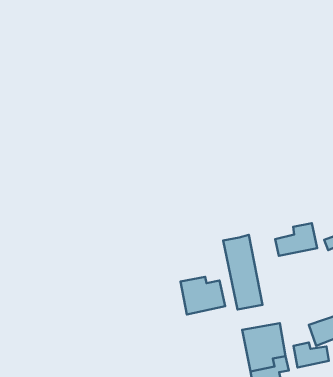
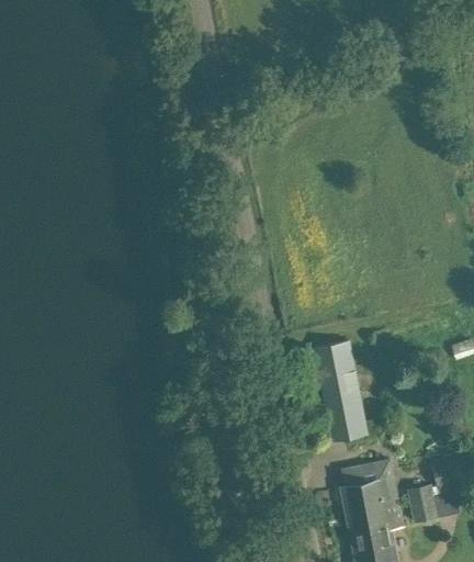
building: [275,223,317,256] -> none
building: [180,277,225,315] -> none

